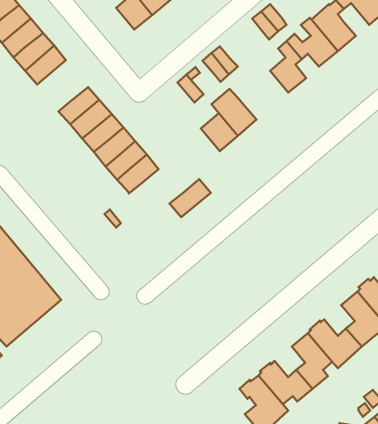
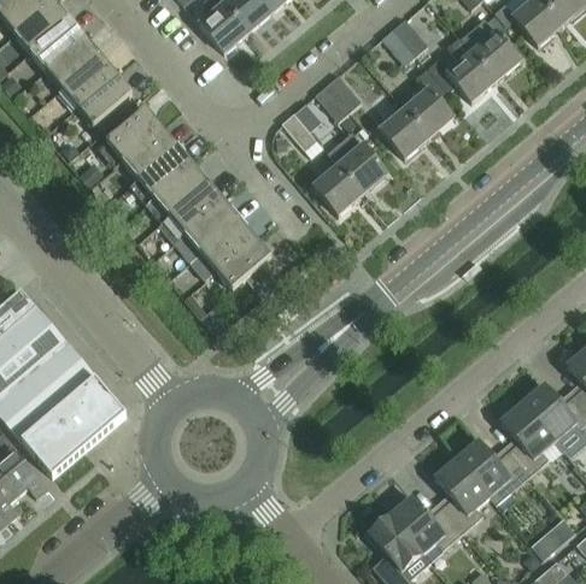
building: none -> [381,107,430,158]
building: none -> [106,108,163,161]
building: [170,179,211,217] -> [217,238,273,289]

